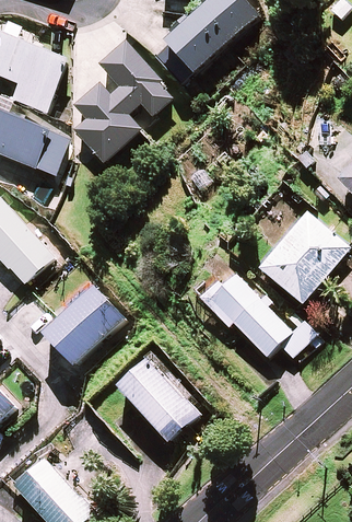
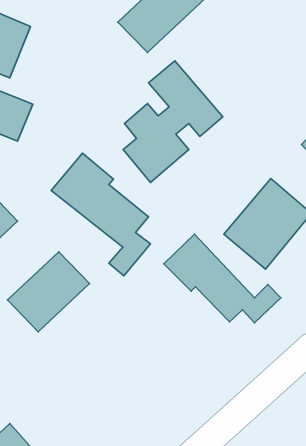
building: [73,39,173,161] -> [123,61,223,182]
building: none -> [51,153,151,276]
building: [118,359,198,440] -> none

